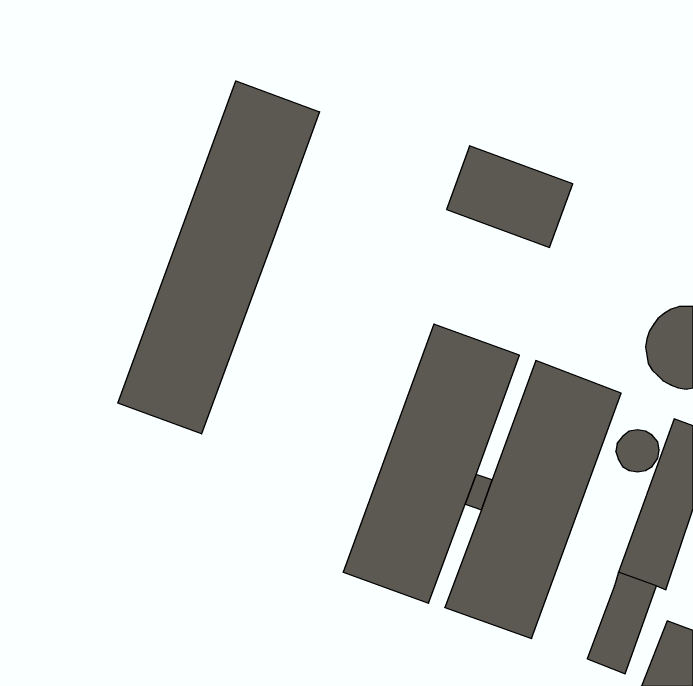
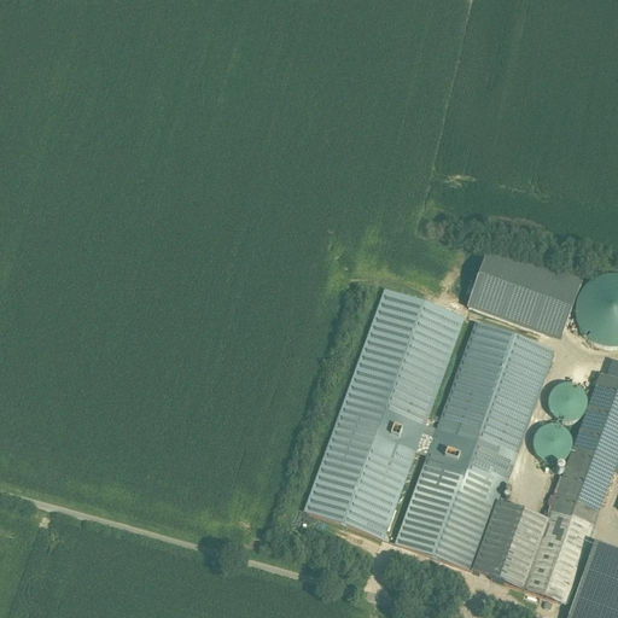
building: [118,81,320,434] -> none
building: [447,146,573,247] -> [468,247,581,338]
building: none -> [532,425,571,462]
building: none -> [473,502,547,587]

